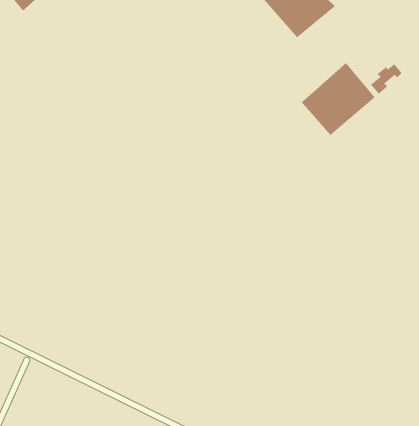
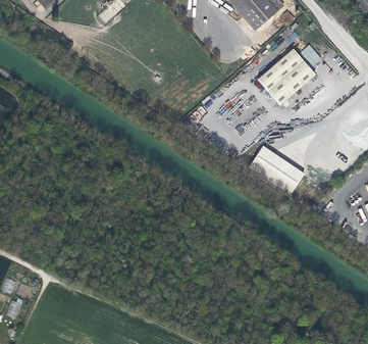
building: none -> [249,145,305,193]

